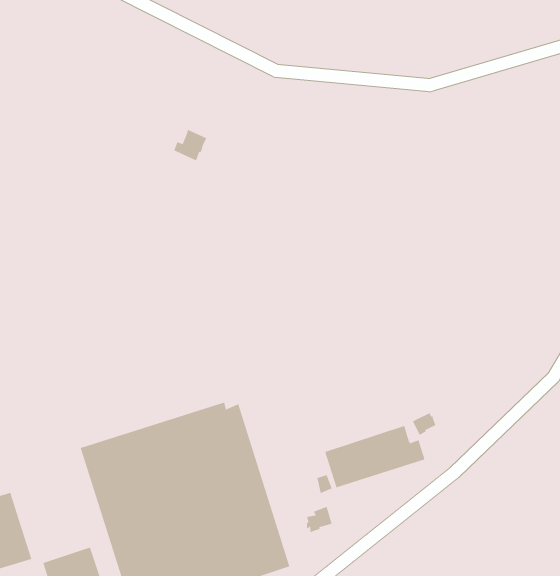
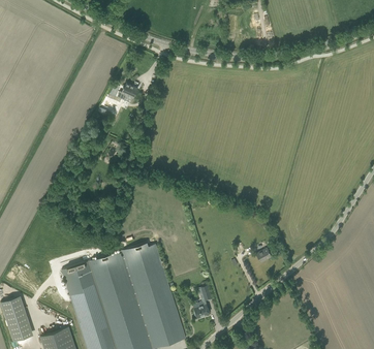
building: [324,425,425,488] -> none

